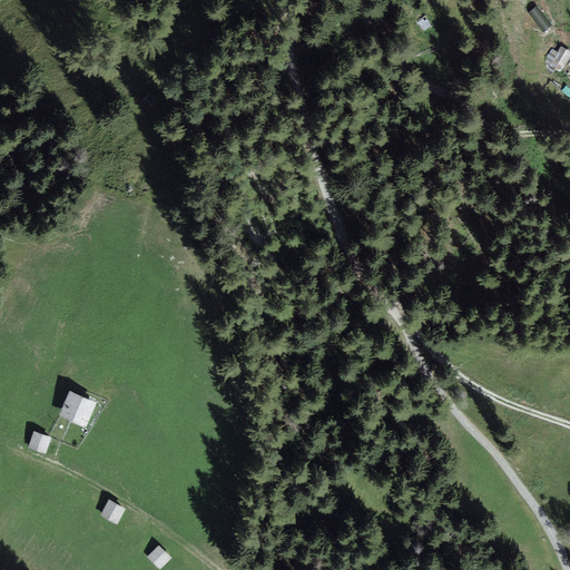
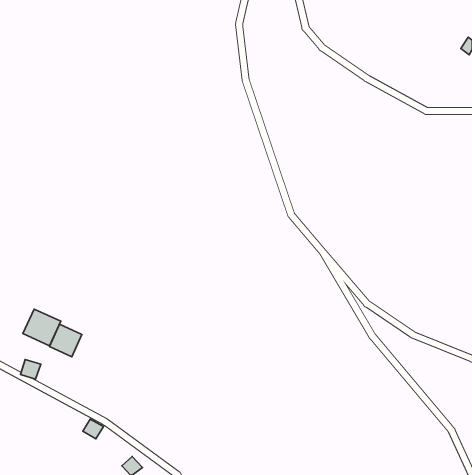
building: none -> [23,309,61,346]

